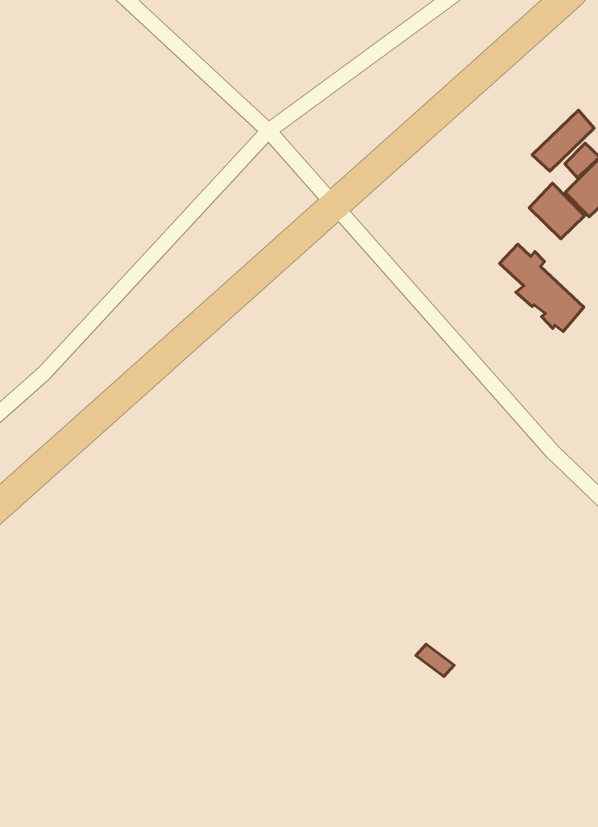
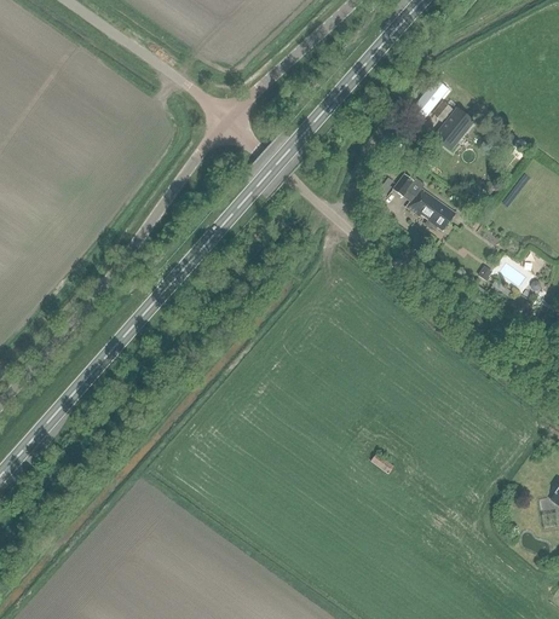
building: [529,183,584,239] -> none

